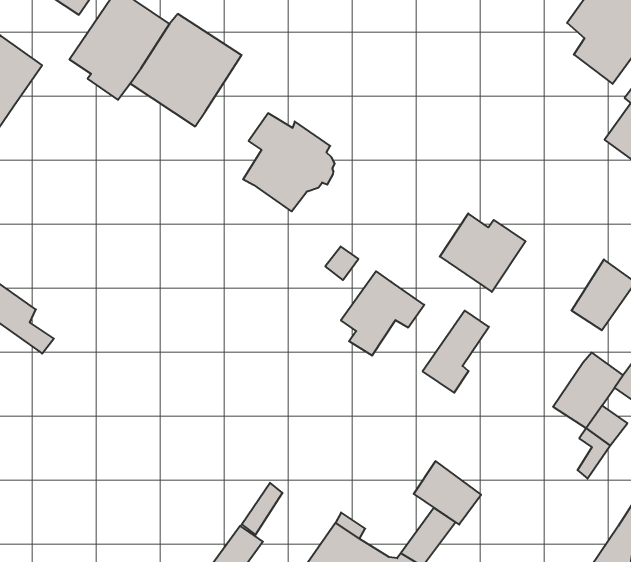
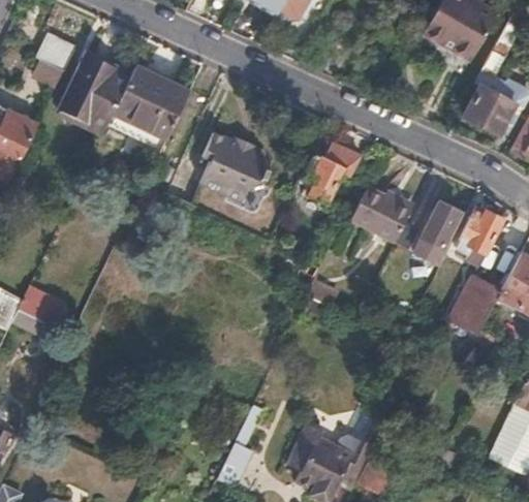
building: [341,271,424,356] -> [300,138,360,201]
building: [423,311,489,393] -> [415,203,460,265]
building: [414,461,481,525] -> none

